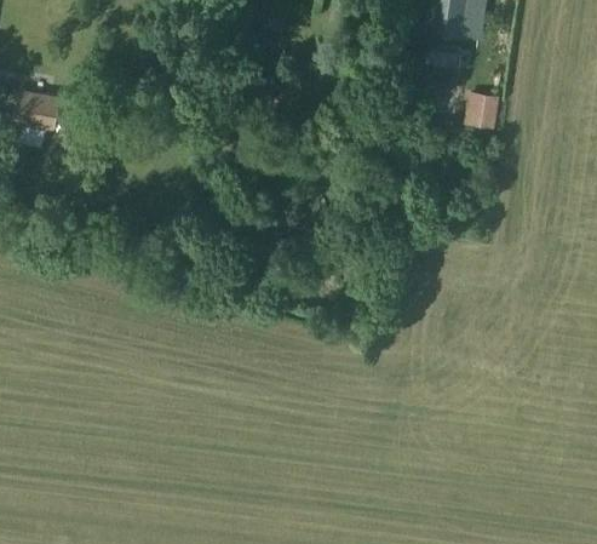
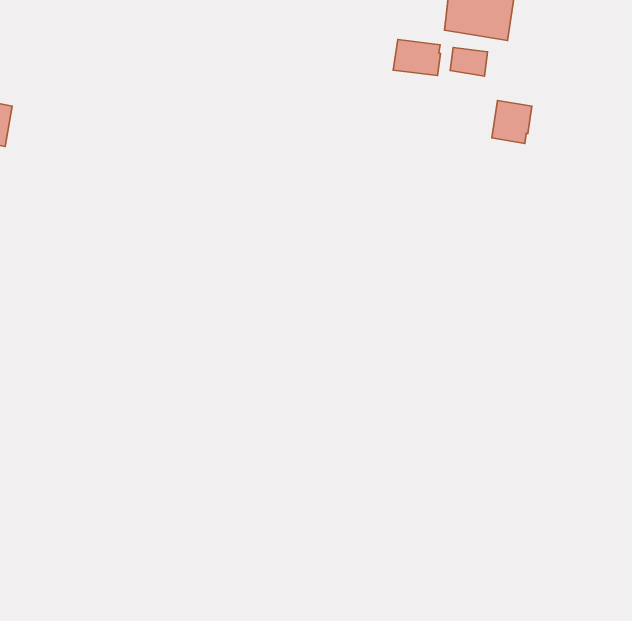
building: none -> [393,40,441,76]

